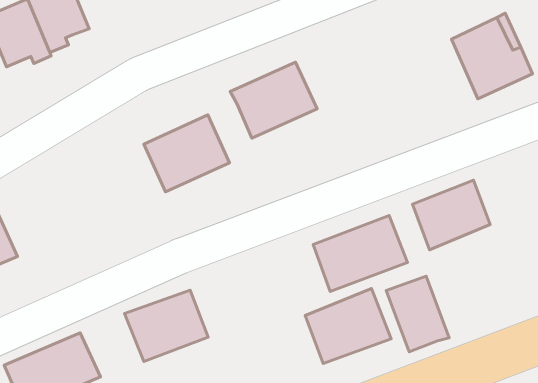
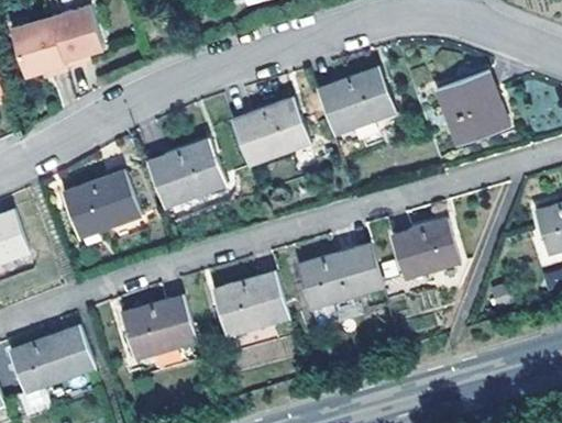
building: none -> [317,68,394,135]
building: none -> [64,169,141,236]
building: [386,276,449,352] -> none
building: [305,289,391,364] -> [210,271,287,336]

